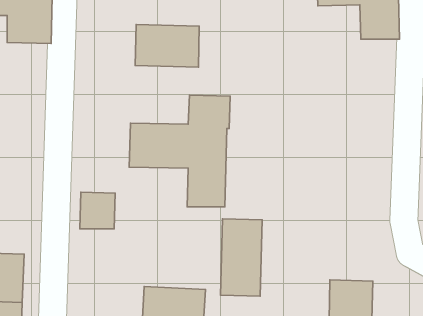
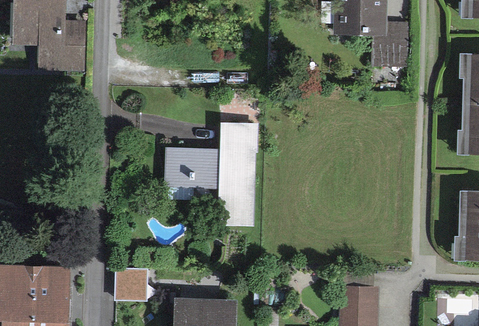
building: [135,25,199,67] -> none
building: [80,192,115,229] -> [113,265,146,299]
building: [220,219,262,296] -> none

